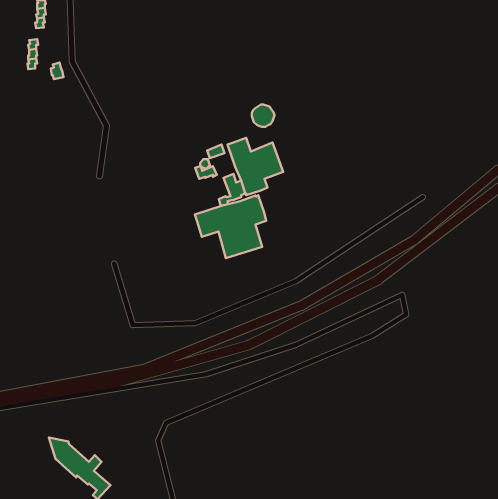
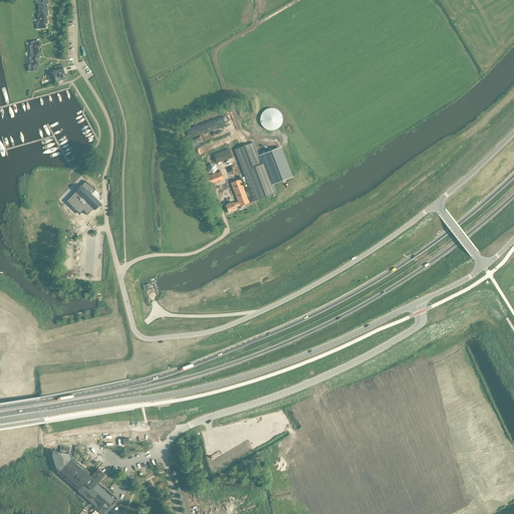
building: none -> [71,183,101,215]
building: [195,195,266,258] -> none

